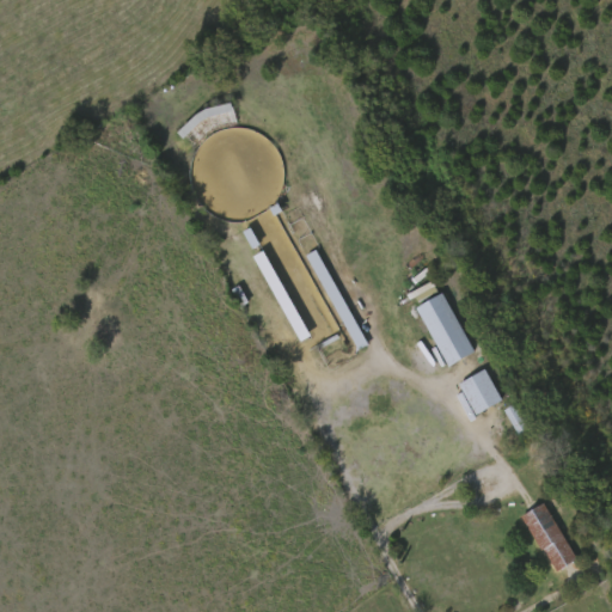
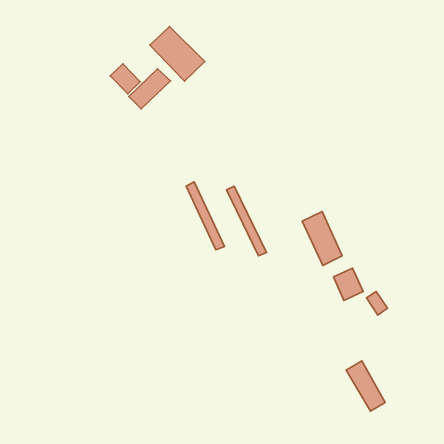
building: none -> [150,27,205,81]
building: none -> [110,64,140,94]
building: [521,501,575,570] -> [346,361,385,411]

